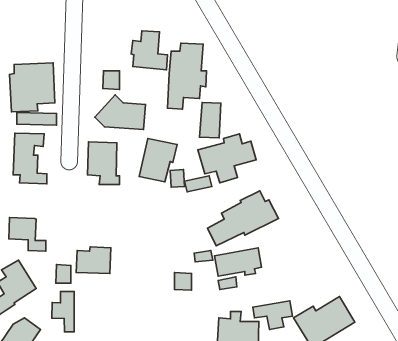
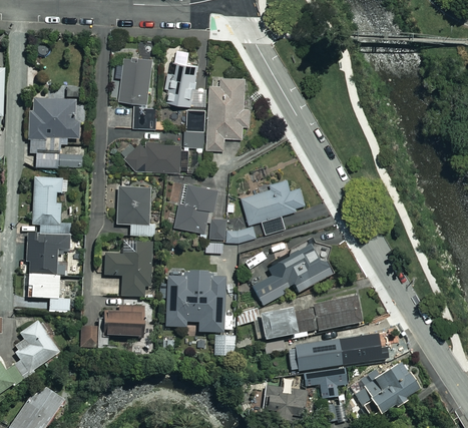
building: none -> [116,56,151,103]
building: [199,102,221,138] -> [184,109,208,149]
building: none -> [25,233,70,274]
building: none -> [104,243,151,297]
building: none -> [165,271,224,332]
building: none -> [310,296,362,332]
building: none -> [287,332,389,373]
building: [52,291,74,332] -> none

